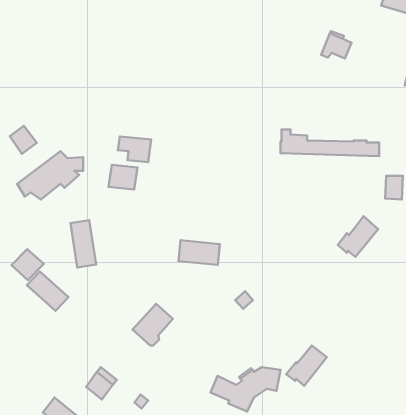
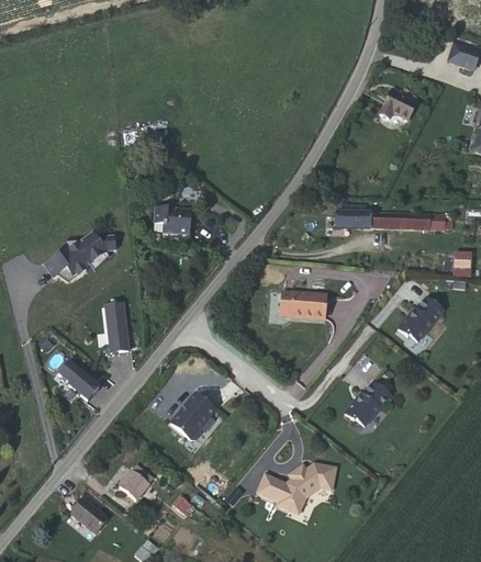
building: [10,126,37,154] -> none
building: [108,165,138,189] -> none
building: [178,240,220,265] -> [282,291,328,318]
building: [11,249,44,280] -> none
building: [286,345,327,386] -> [346,381,391,426]

